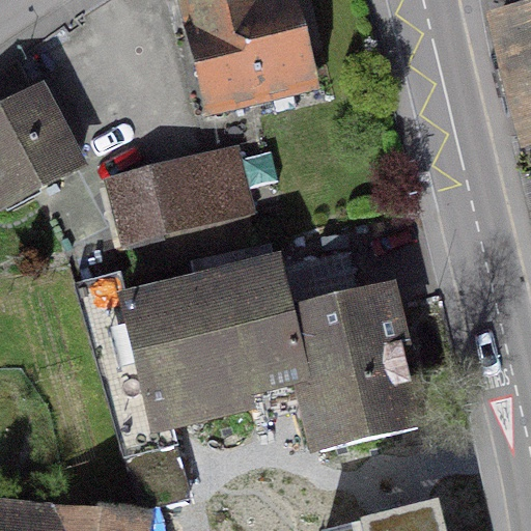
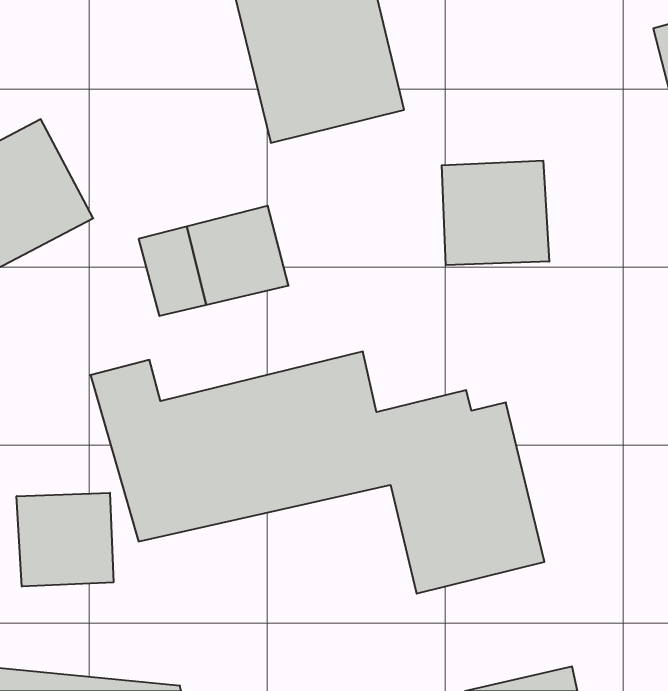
building: none -> [442,161,549,265]
building: none -> [17,493,113,587]

